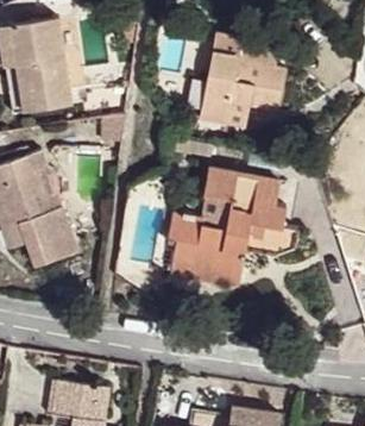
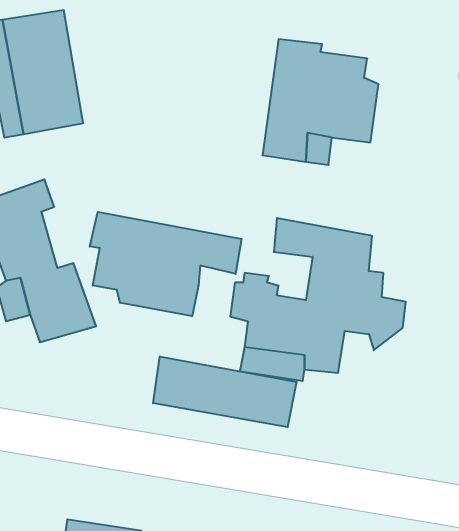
building: none -> [90,212,242,316]
building: none -> [153,356,297,427]

